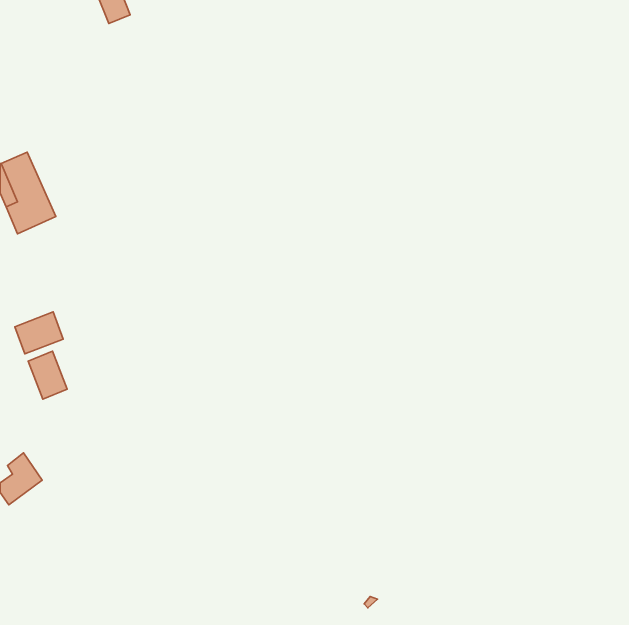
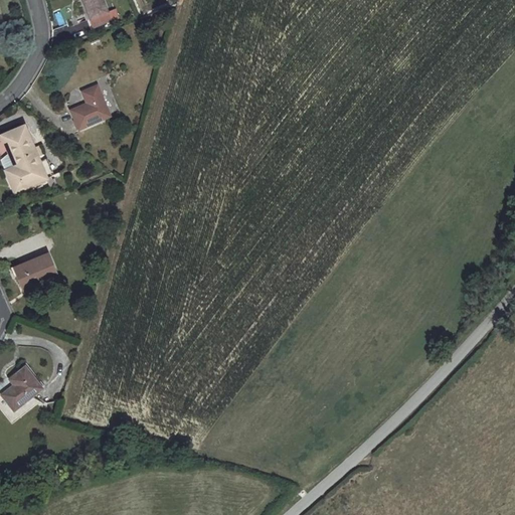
building: none -> [72,83,109,128]
building: [28,351,67,399] -> none

